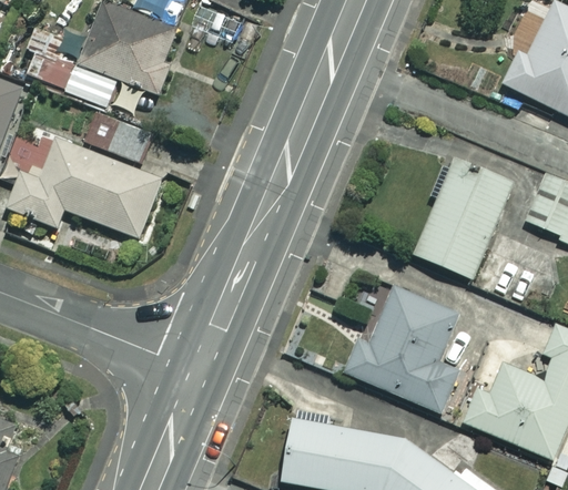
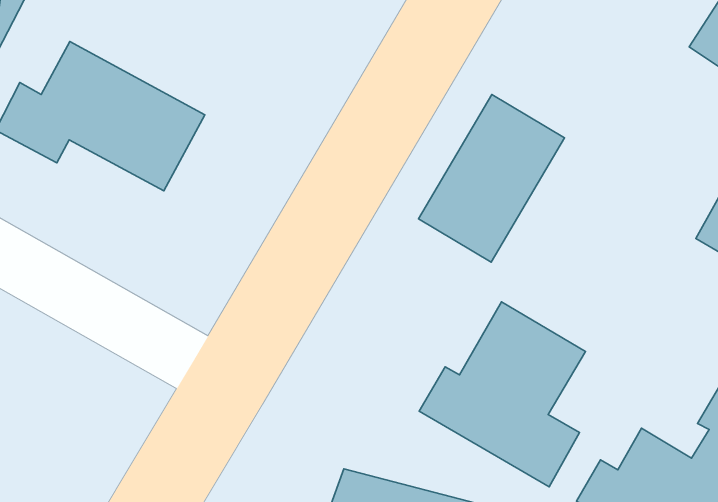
building: [84,112,152,164] -> none
building: [414,159,511,279] -> [419,94,565,262]

